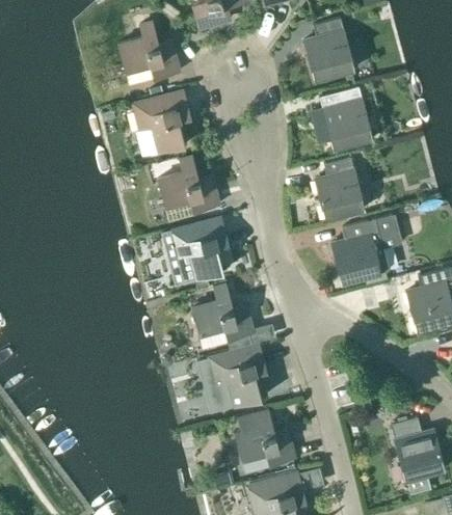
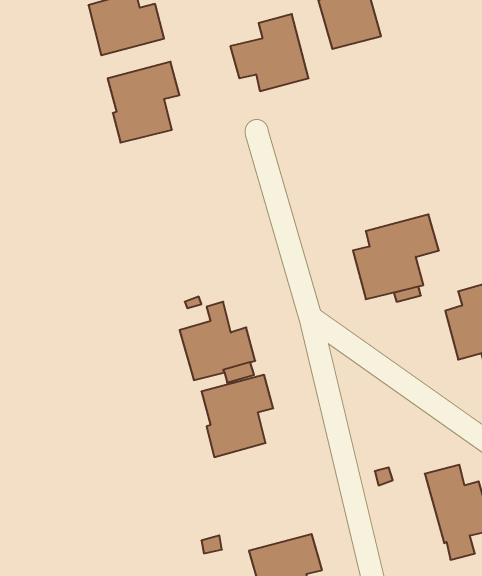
building: [309,85,372,147] -> [230,14,309,91]
building: [157,156,218,220] -> none
building: [315,156,364,218] -> none
building: [162,216,229,283] -> none
building: [234,409,295,472] -> none

